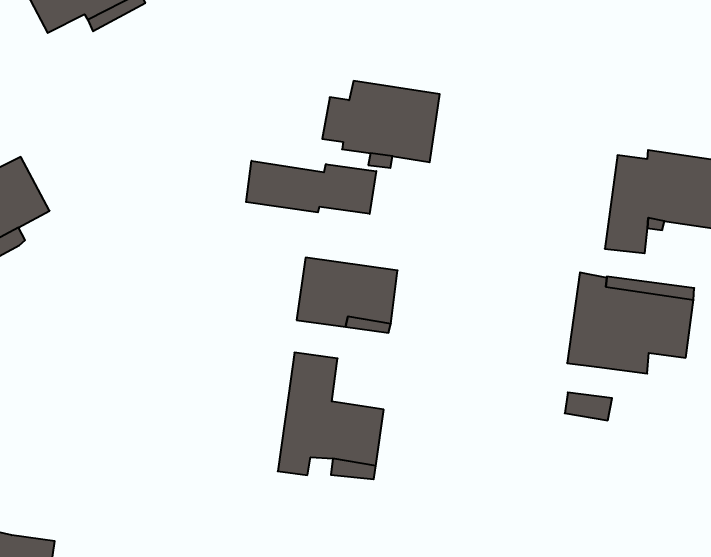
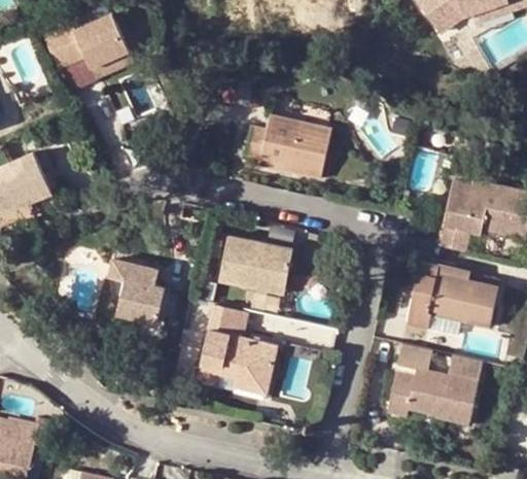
building: [246,161,376,214] -> none
building: none -> [110,261,165,323]
building: none -> [388,354,482,423]

